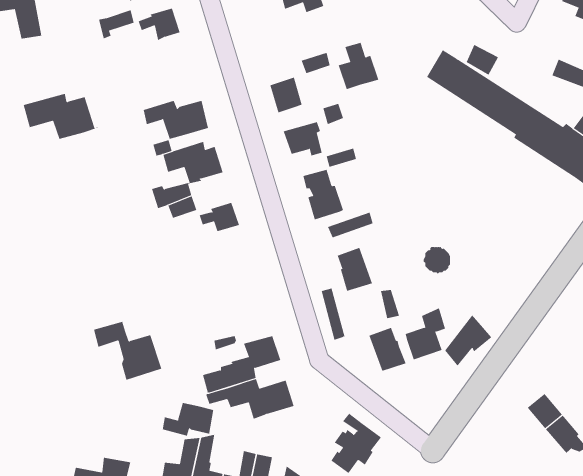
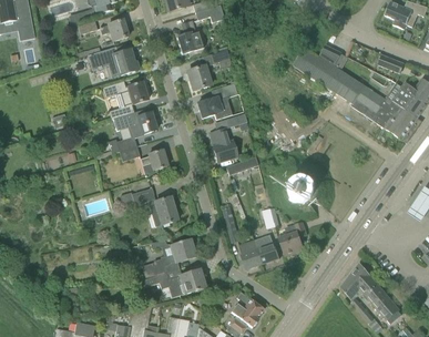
building: [338,42,379,90] -> [176,21,204,53]
building: [23,93,99,139] -> [86,47,137,78]
building: [337,247,373,292] -> [238,239,263,269]
building: [444,314,492,367] -> [340,263,372,298]
building: [93,321,162,380] -> [131,187,177,227]
building: [162,402,214,436] -> none

